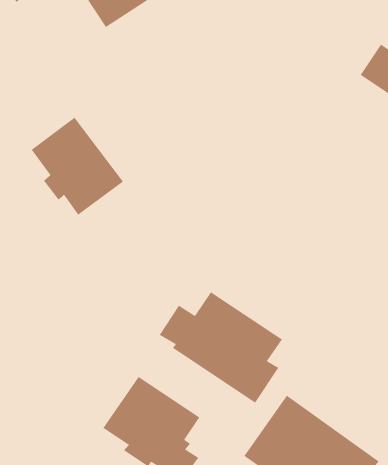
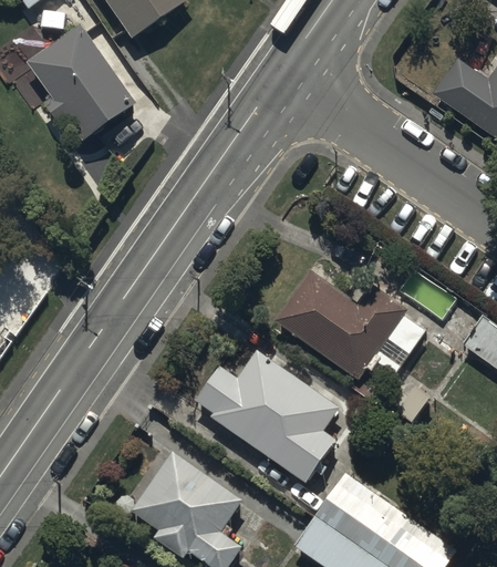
building: [31,117,124,215] -> [27,27,136,143]
building: none -> [272,268,423,380]

